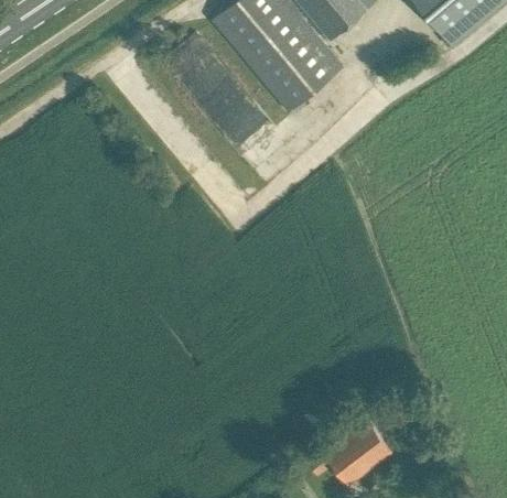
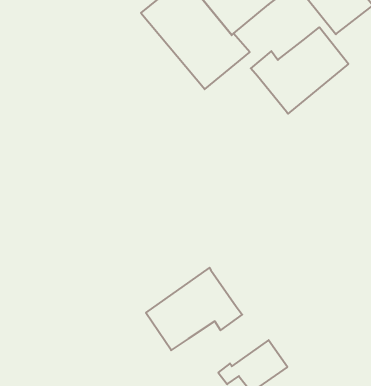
building: none -> [251,27,348,114]
building: none -> [146,268,242,350]

